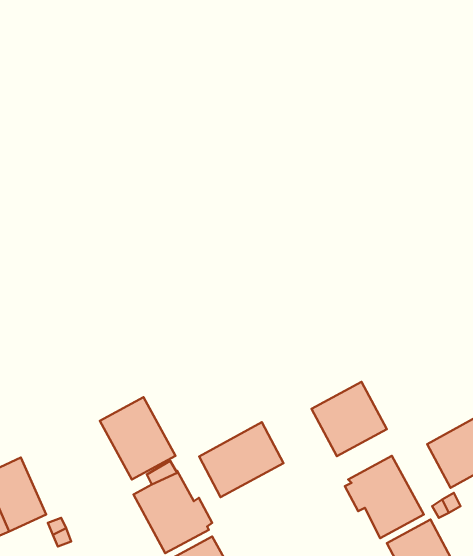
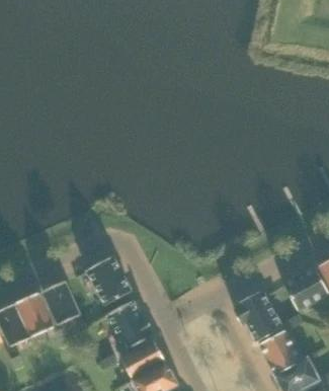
building: [311,382,387,456] -> none
building: [199,422,283,497] -> none
building: none -> [44,282,81,325]

